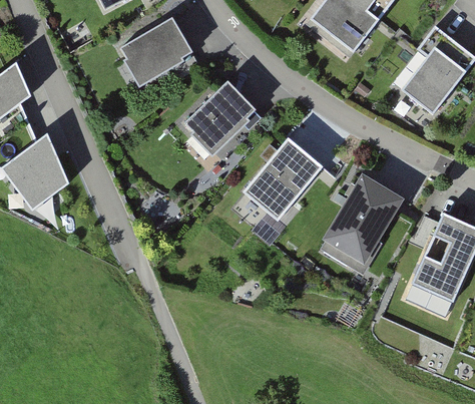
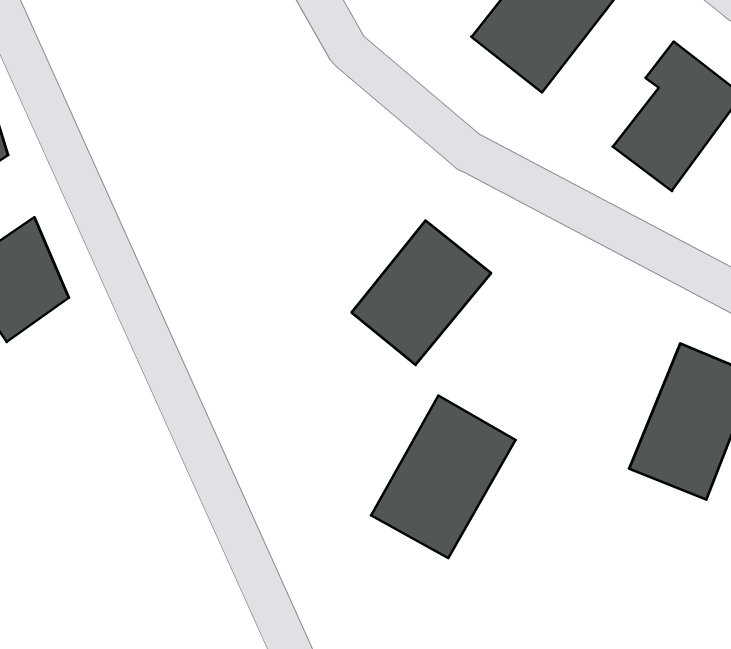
building: [117,18,189,85] -> none
building: [179,82,254,155] -> none
building: [319,168,407,268] -> [371,396,516,558]

